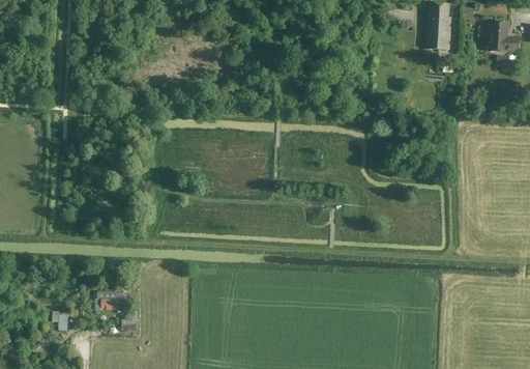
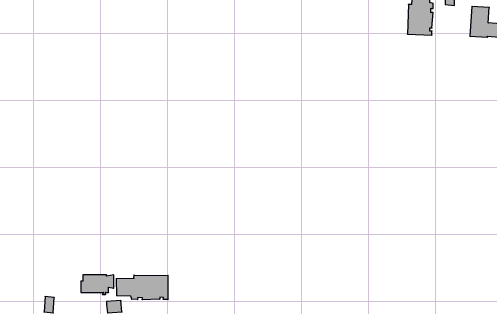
building: none -> [116,275,168,300]

